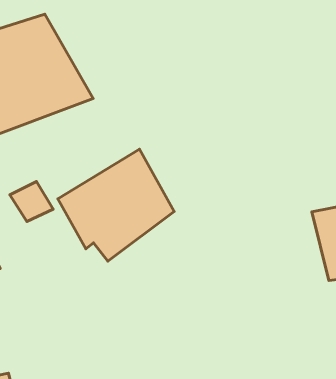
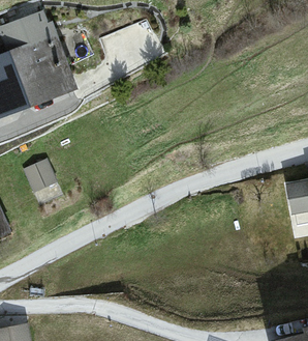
building: [58,149,174,261] -> none

